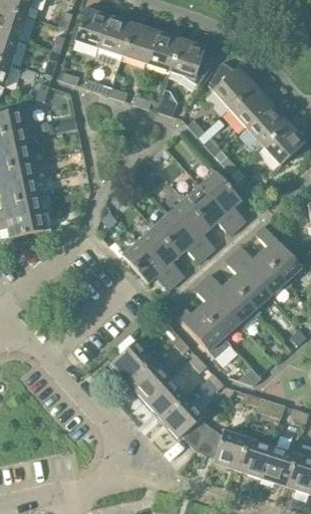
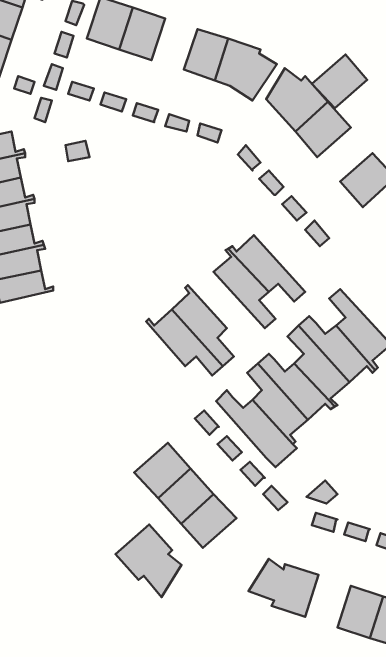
building: [123,24,158,62] -> none
building: [247,105,288,146] -> [312,54,367,108]
building: [200,168,246,228] -> none
building: [150,213,208,262] -> none
building: [162,397,211,451] -> [116,525,182,597]
building: [238,439,272,478] -> none

